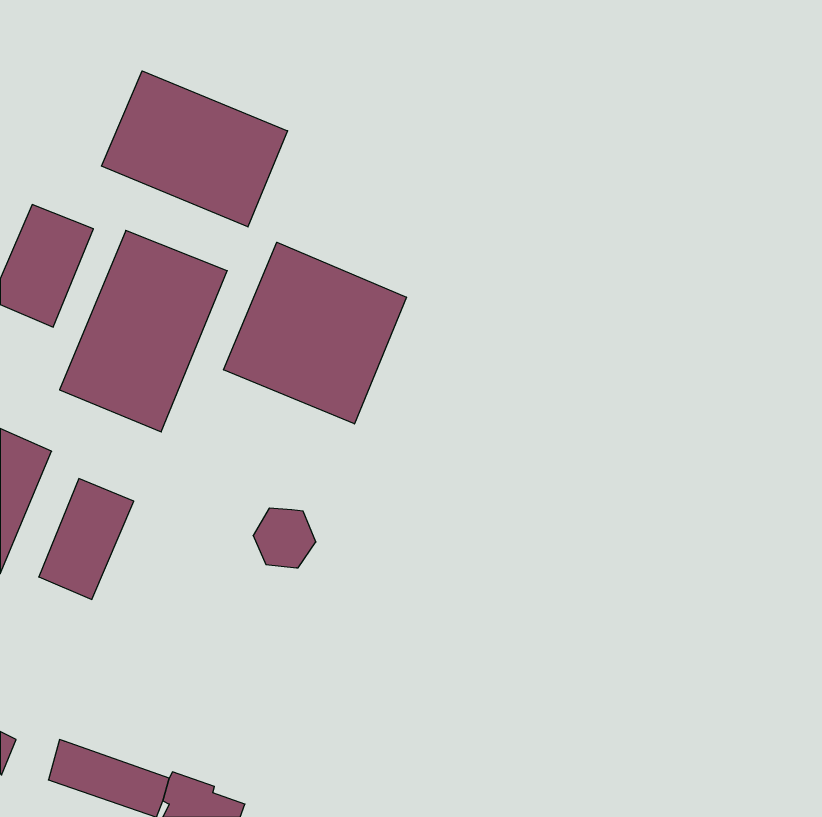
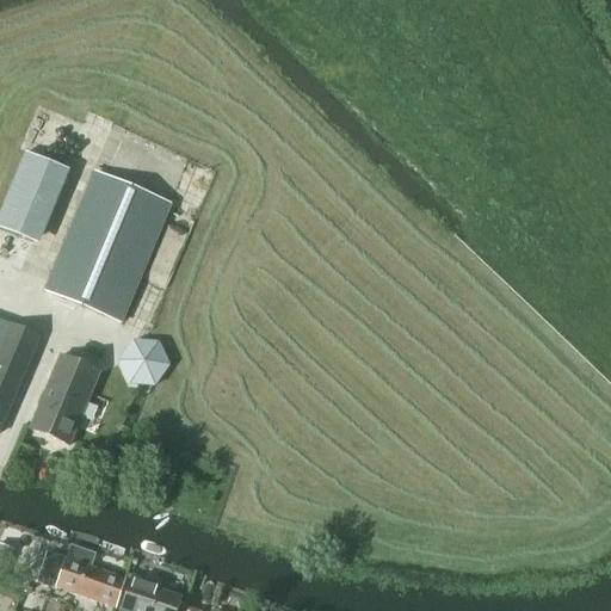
building: [101,71,288,227] -> none
building: [224,242,406,424] -> none
building: [253,508,316,568] -> [122,339,168,383]

